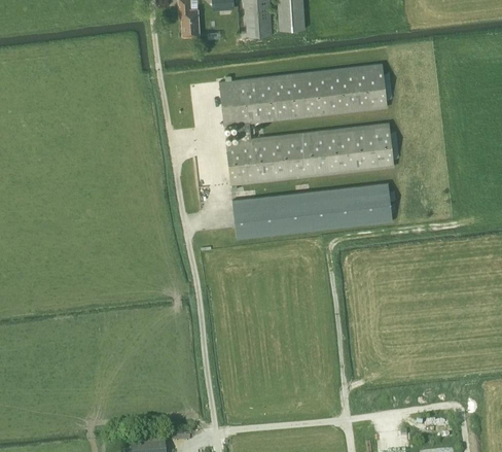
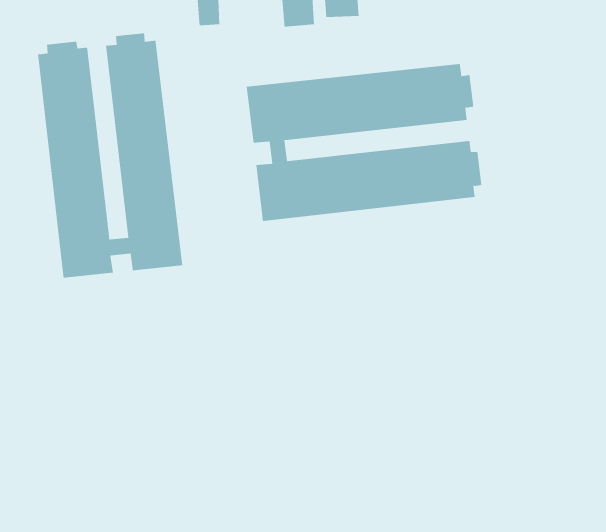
building: none -> [37,32,183,279]
building: [234,182,397,238] -> none

